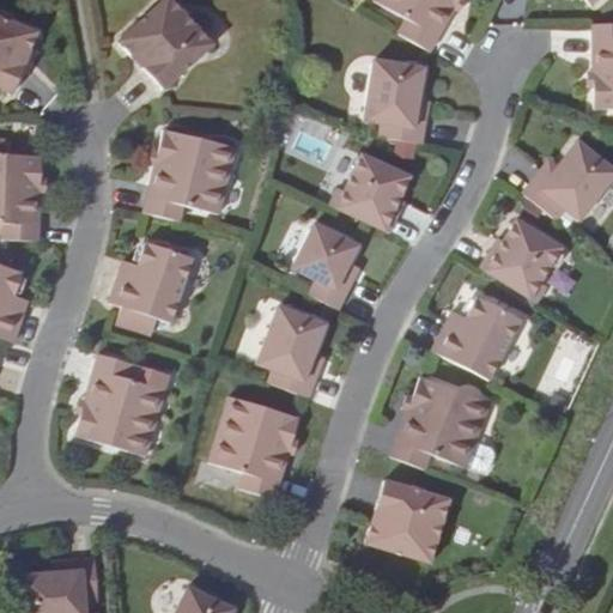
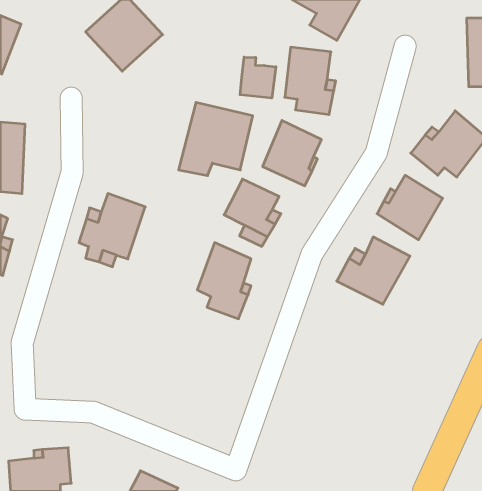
building: none -> [240,57,276,98]
building: [144,129,236,220] -> [179,102,253,176]
building: [74,352,165,455] -> none
building: [390,375,491,469] -> none
building: [211,395,301,498] -> none
building: [365,479,450,562] -> none

